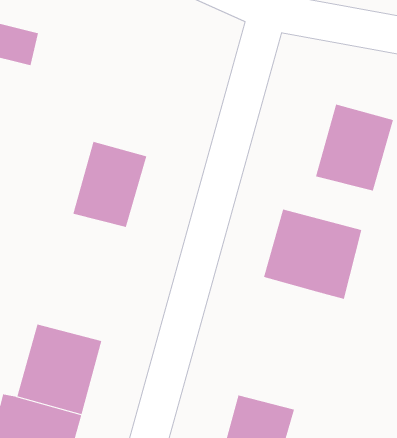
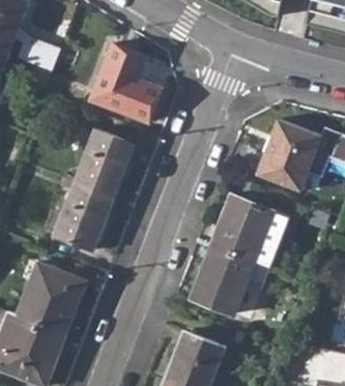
building: none -> [91,44,161,122]
building: none -> [54,183,113,249]
building: none -> [192,245,254,314]

